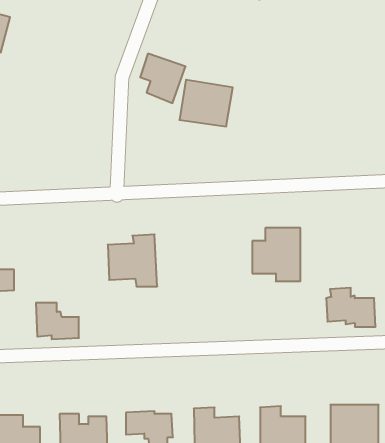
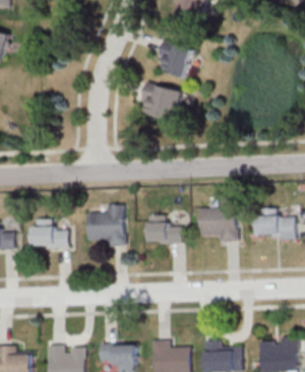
building: [140,54,186,103] -> [160,40,195,78]
building: none -> [147,214,181,243]
building: [326,288,376,327] -> [256,208,295,239]
building: [36,303,79,339] -> [33,220,66,248]

